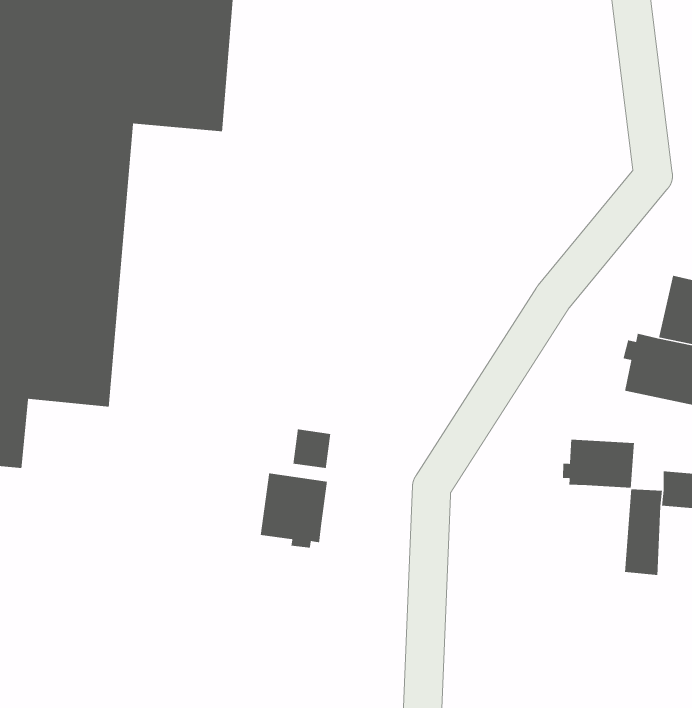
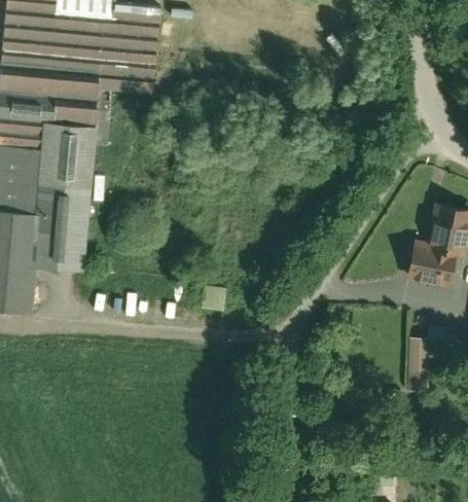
building: [562,439,635,488] -> none
building: [260,472,328,548] -> none

